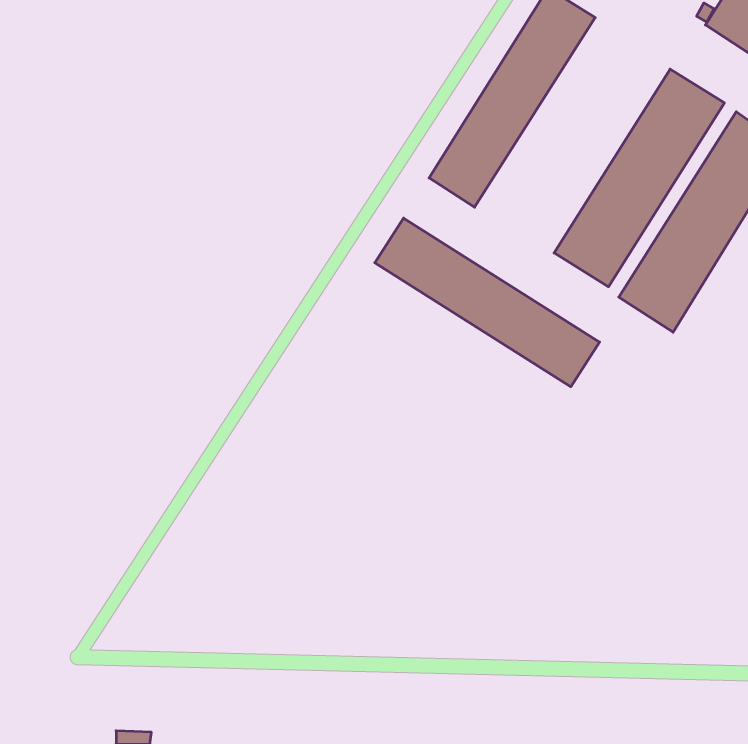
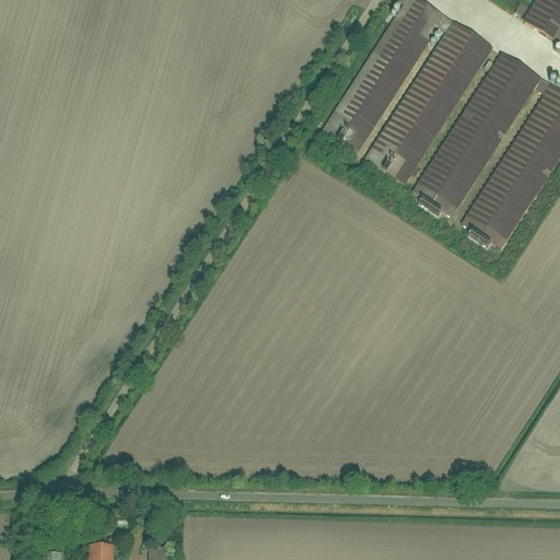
building: none -> [365,21,492,183]
building: [375,218,600,387] -> none

